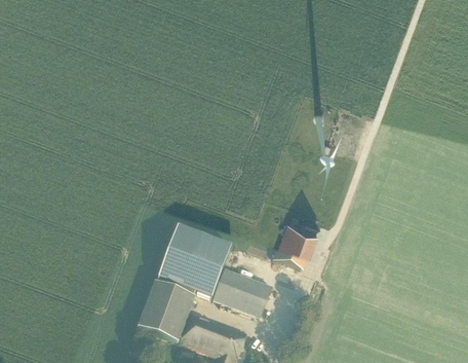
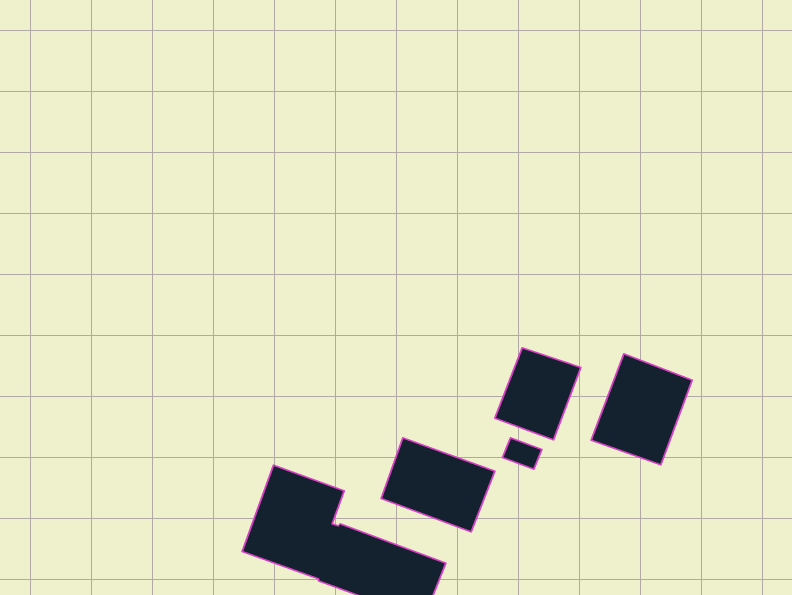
building: none -> [591,354,692,465]
building: [156,226,231,299] -> none

